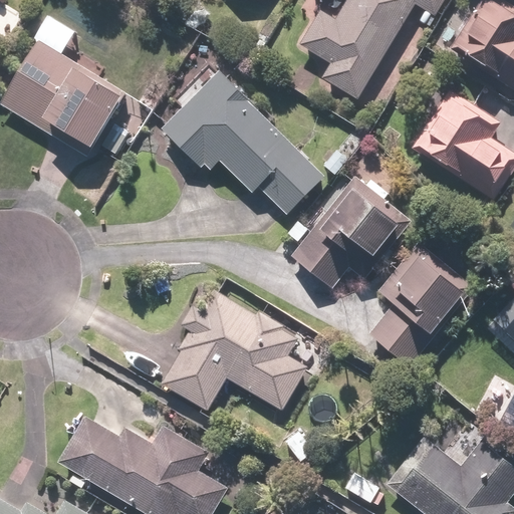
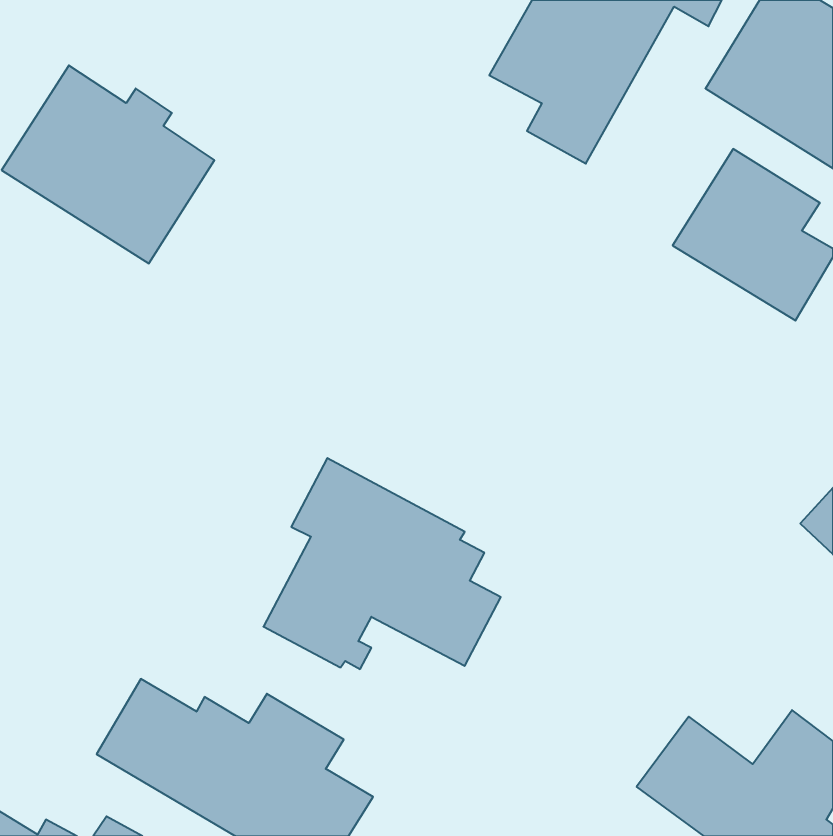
building: [159,71,326,216] -> none
building: [294,178,407,287] -> none
building: [367,243,470,364] -> none

